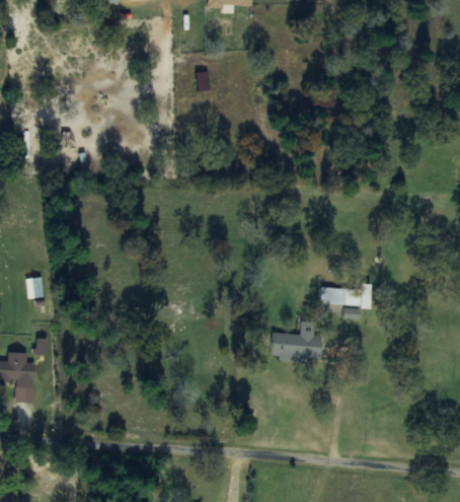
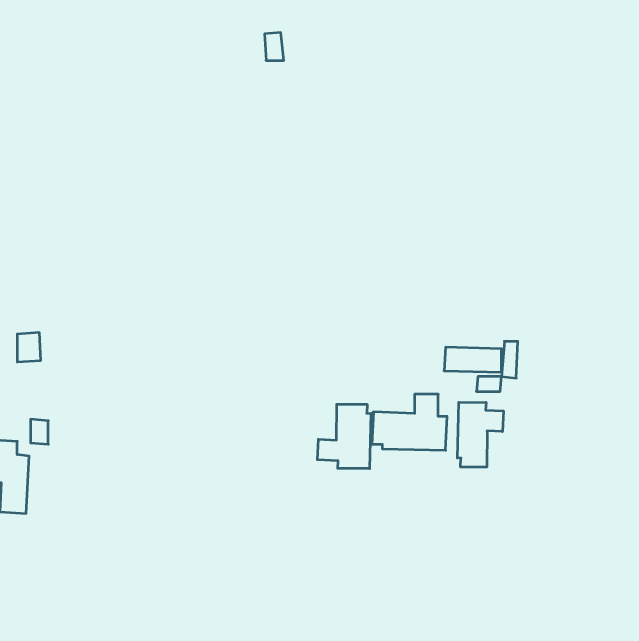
building: none -> [457,402,503,467]
building: none -> [317,404,371,469]

